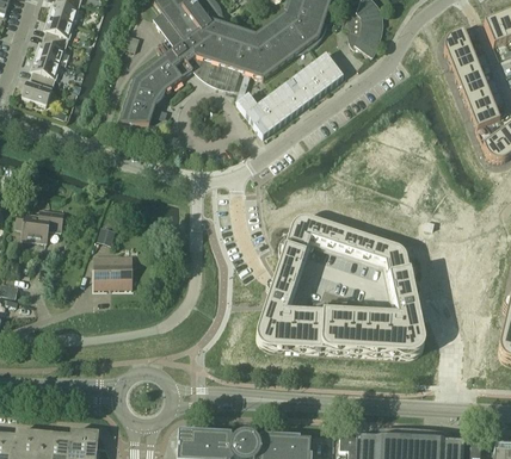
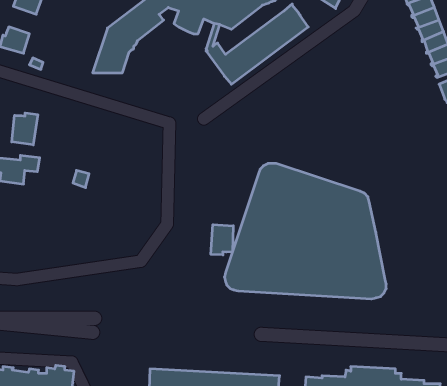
building: [31,54,60,82] -> none
building: none -> [12,113,38,145]
building: [94,254,133,286] -> none
building: none -> [211,225,233,255]

